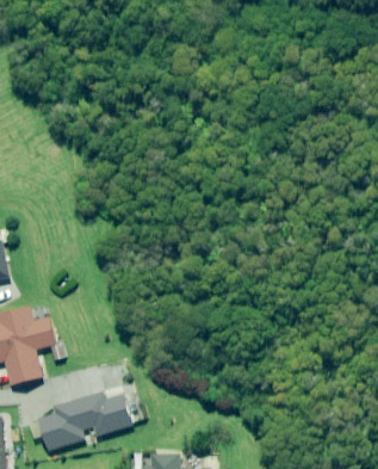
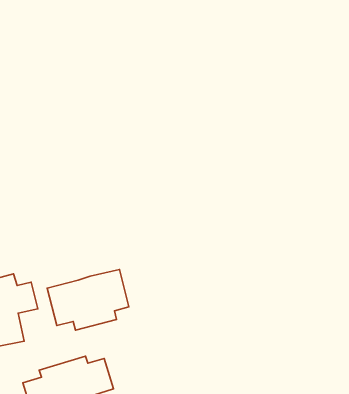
building: none -> [47,269,129,330]

